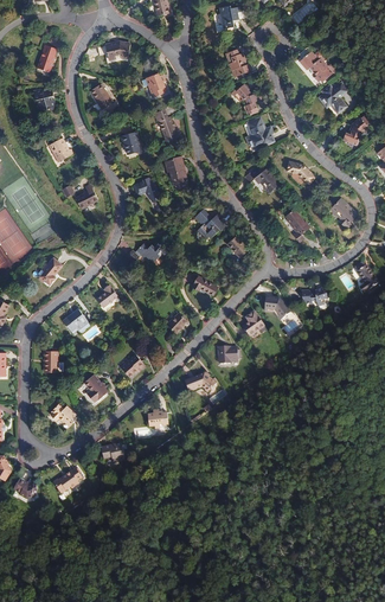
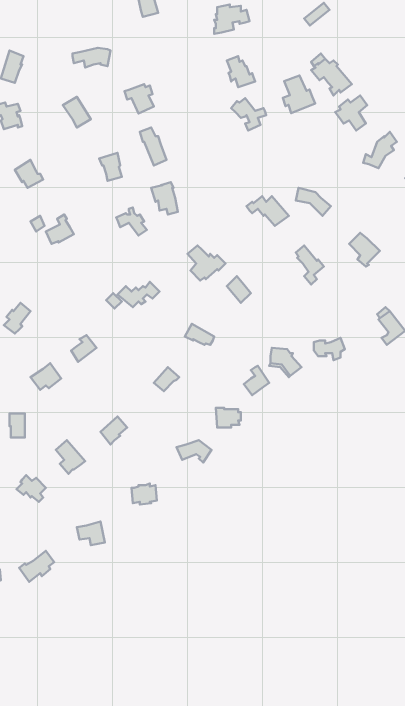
building: [246,119,274,150] -> [283,75,315,113]

